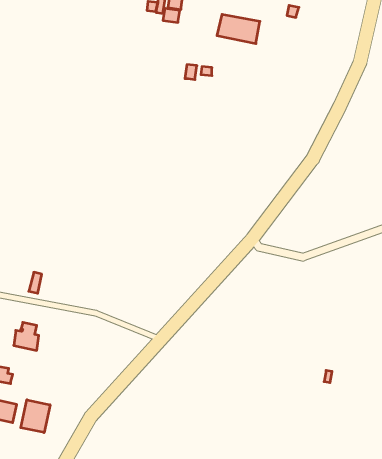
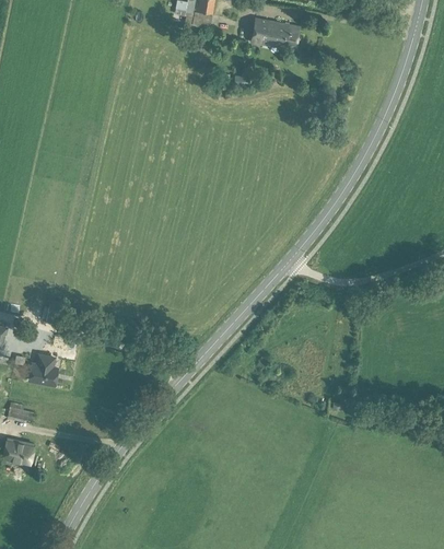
building: [21,400,50,433] -> none

